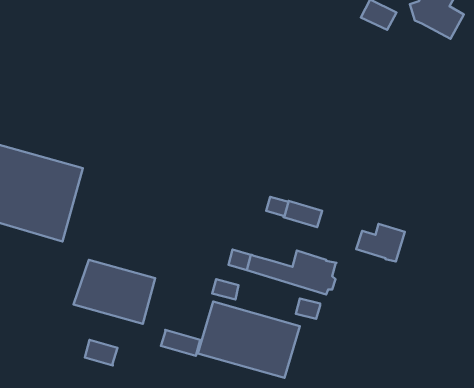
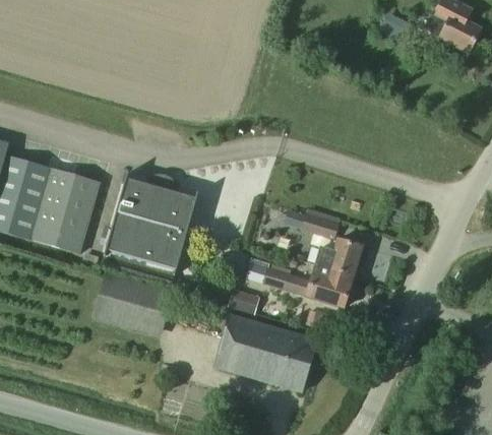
building: none -> [105,172,199,274]
building: [356,224,405,261] -> [313,238,362,275]
building: [161,330,200,356] -> none
building: [85,340,118,365] -> none

